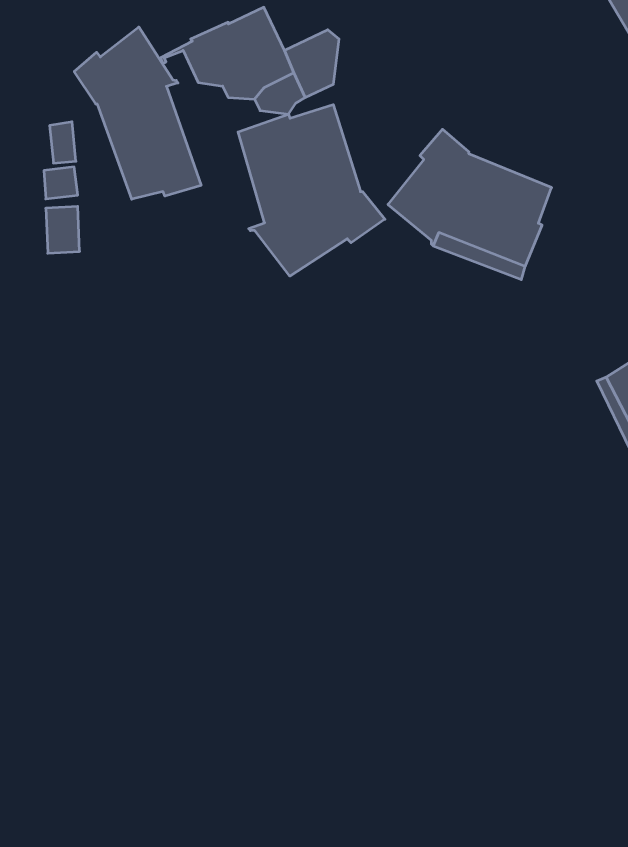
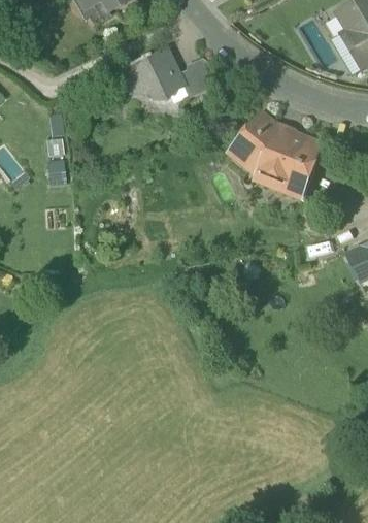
building: [74,27,201,199] -> none
building: [238,105,385,276] -> none

